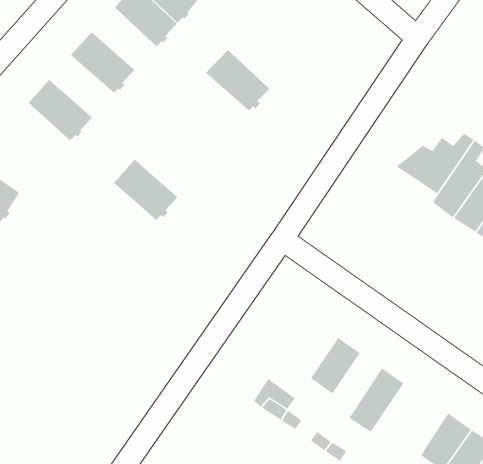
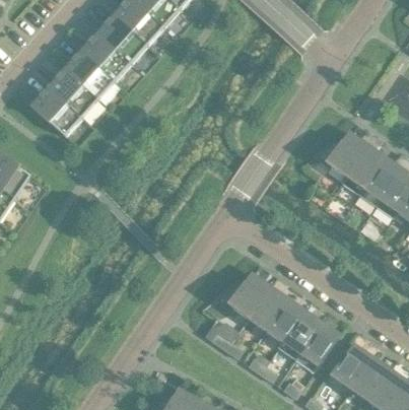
building: [205,49,270,111] -> [81,33,131,81]
building: [113,159,178,221] -> [49,70,98,118]
building: none -> [217,274,270,318]
building: none -> [266,298,303,342]
building: none -> [295,322,339,371]

